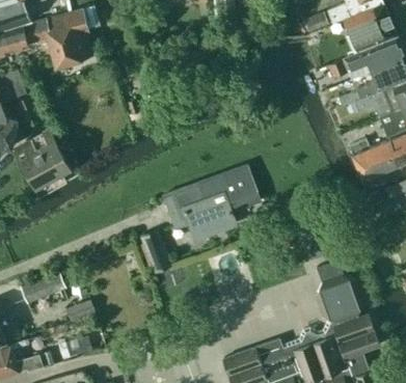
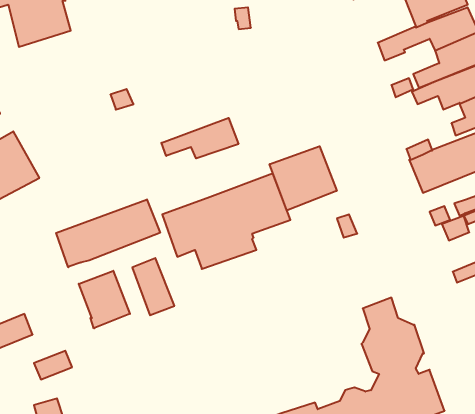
building: none -> [161,118,238,158]
building: none -> [270,146,337,211]
building: none -> [56,199,160,267]
building: none -> [79,271,130,328]

